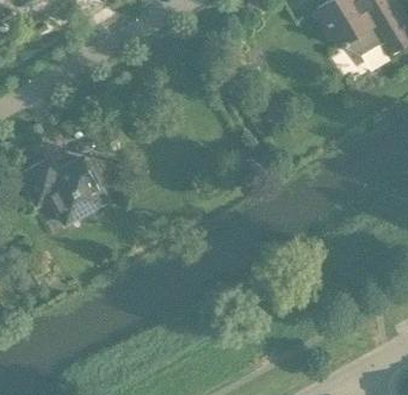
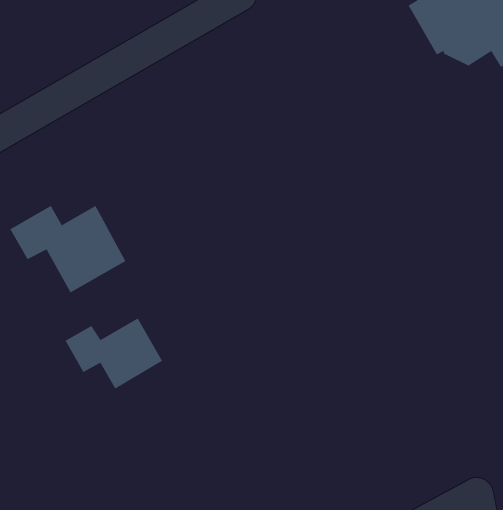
building: none -> [65,318,163,390]

